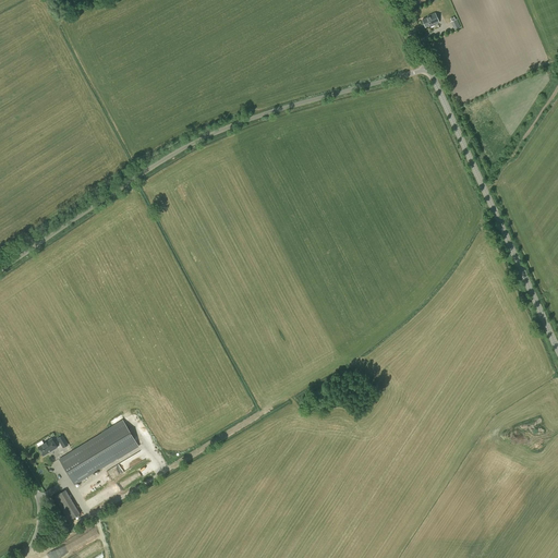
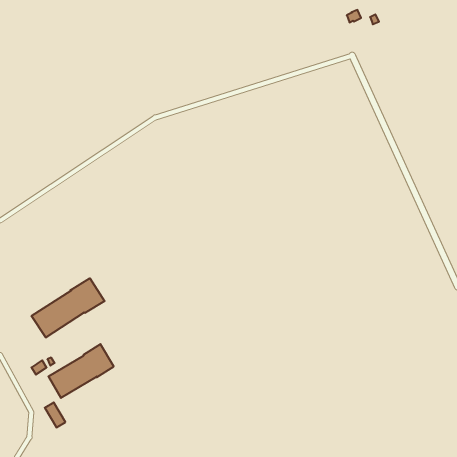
building: none -> [32,278,105,338]

